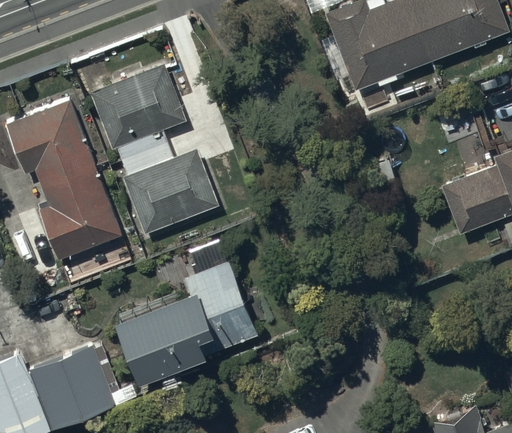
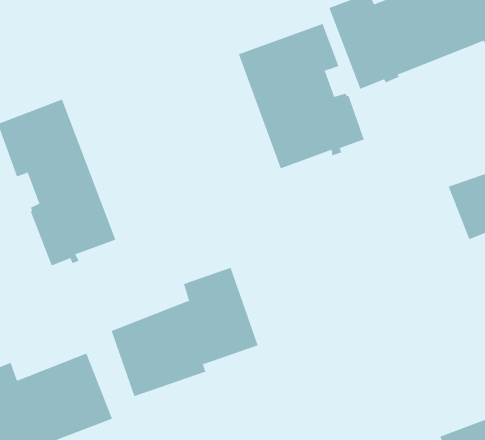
building: none -> [238,23,365,169]
building: [90,65,219,234] -> none

